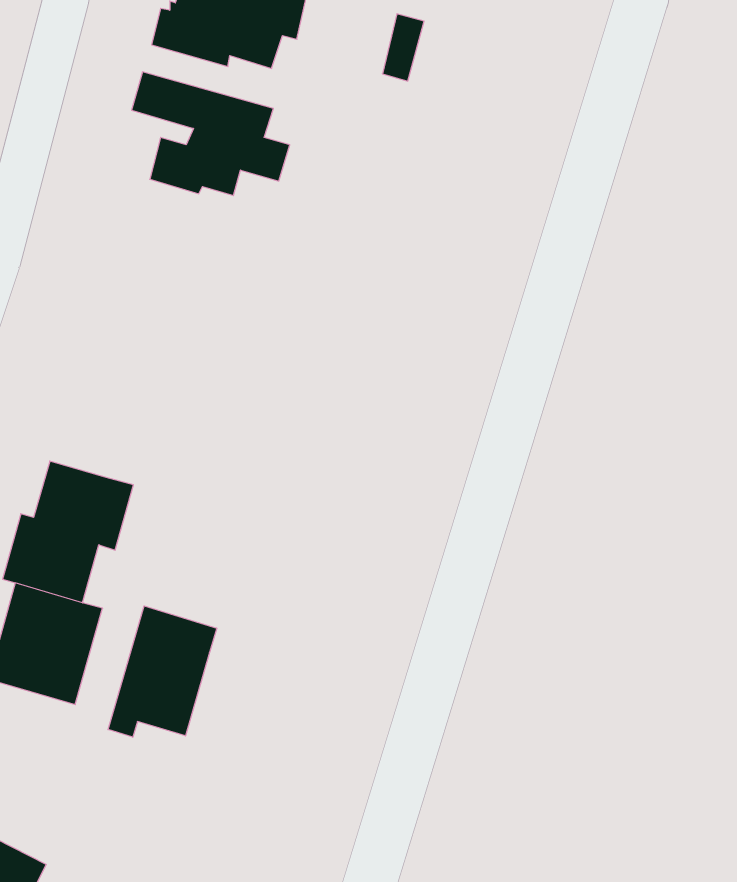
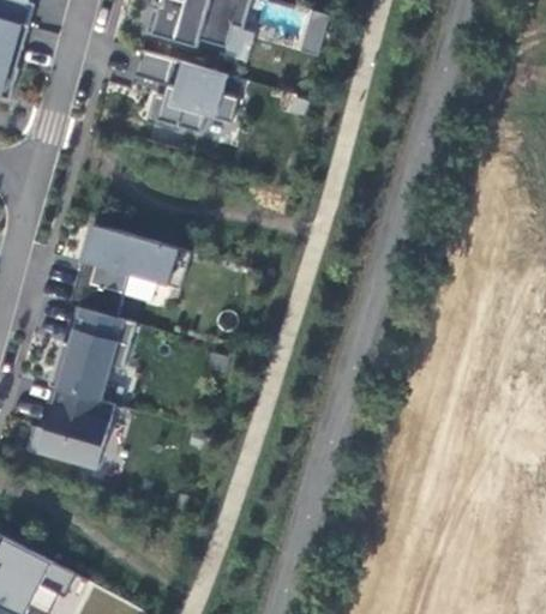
building: none -> [70,223,190,318]
building: [108,606,217,737] -> none

